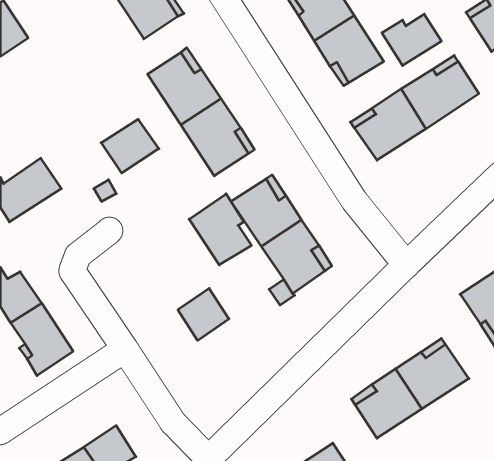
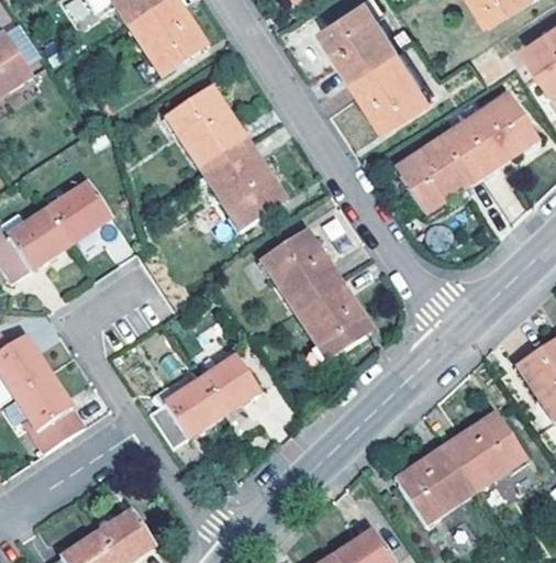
building: [382,14,441,66] -> none
building: [101,119,159,173] -> [46,183,111,243]
building: [189,194,251,265] -> none
building: none -> [151,368,222,446]

